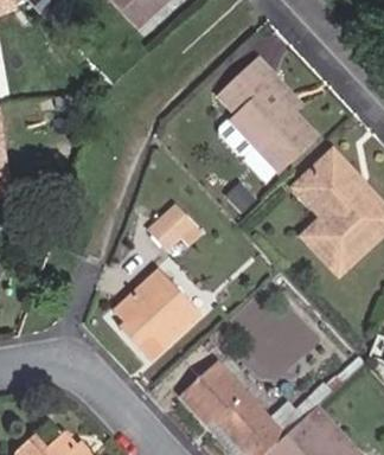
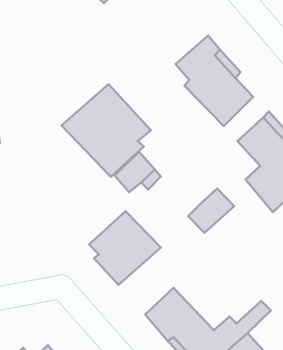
building: none -> [62,84,151,177]
building: none -> [188,188,234,233]

